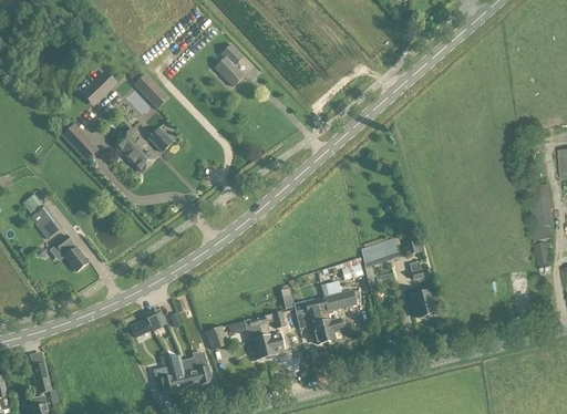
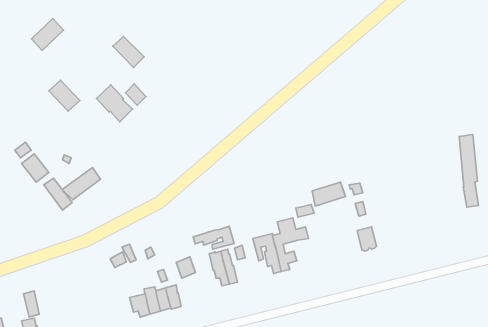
building: [213,43,244,86] -> none
building: [80,70,116,106] -> [31,18,64,50]
building: none -> [62,168,101,200]
building: none -> [193,226,234,249]

